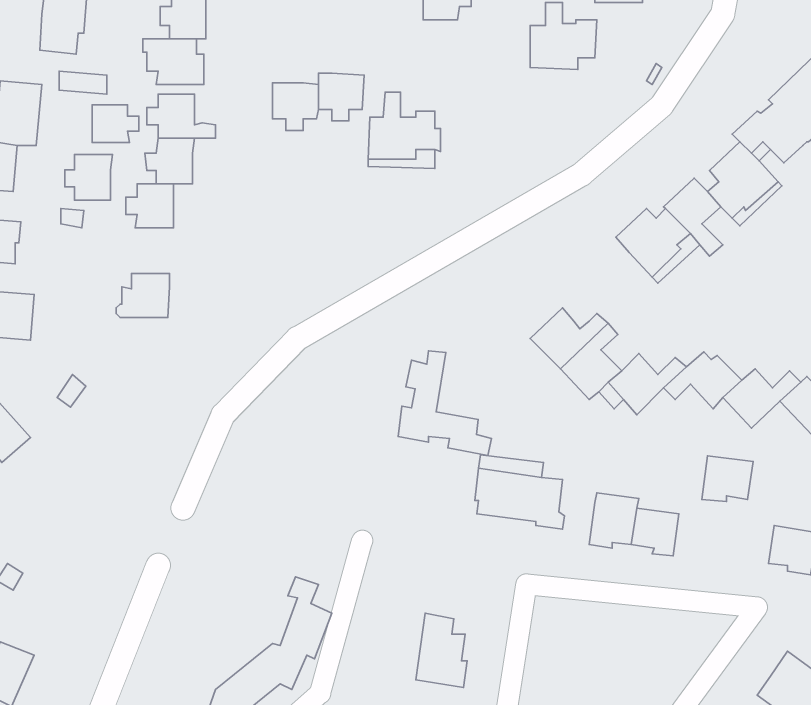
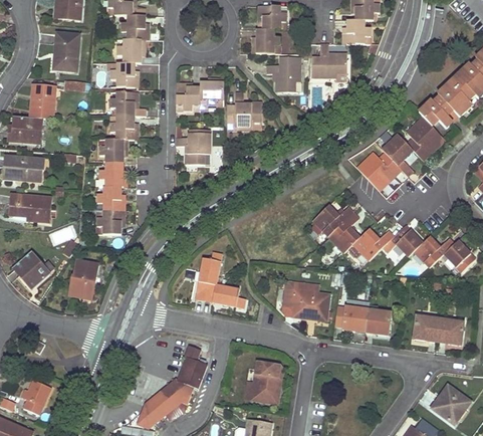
building: none -> [265,56,300,91]
building: [92,105,139,143] -> none
building: [65,154,113,200] -> [98,162,124,186]
building: none -> [175,129,210,163]
building: none -> [96,209,120,233]
building: [398,351,492,456] -> [196,252,245,307]
building: none -> [69,258,96,298]
building: [702,456,753,502] -> [413,315,440,340]

